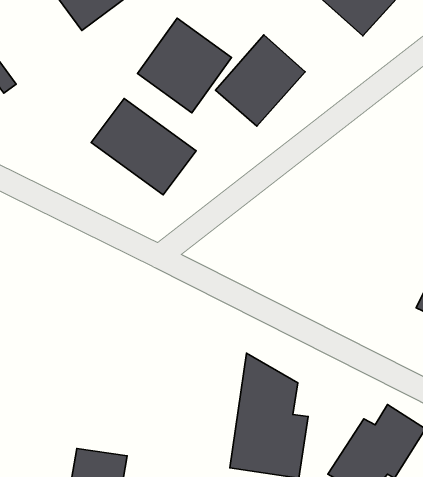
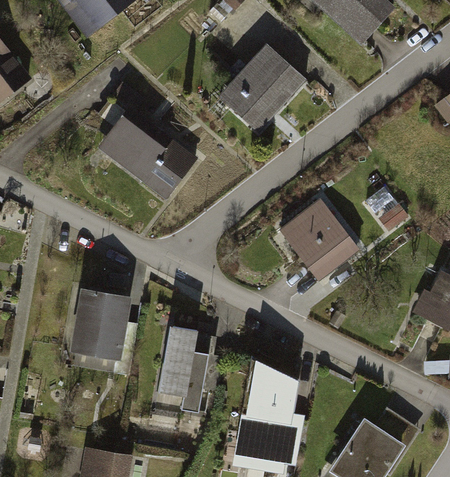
building: [137,18,232,113] -> none
building: none -> [278,196,359,280]
building: none -> [70,288,129,358]
building: none -> [154,326,219,413]

